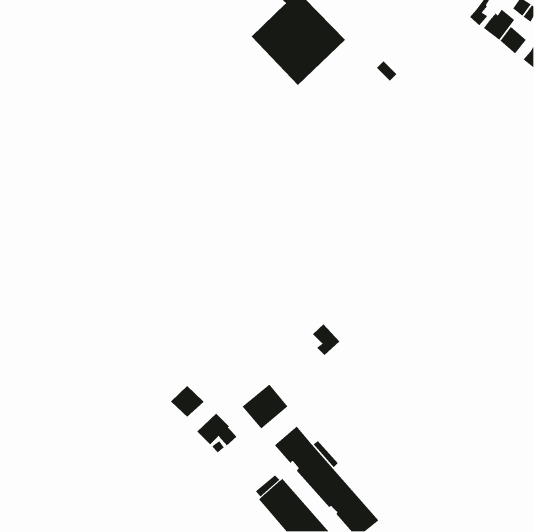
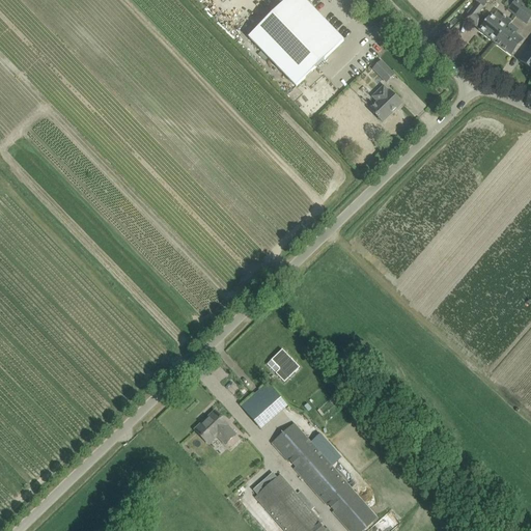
building: none -> [370,85,401,120]
building: [312,324,340,356] -> [272,348,300,381]
building: [170,385,212,418] -> none

